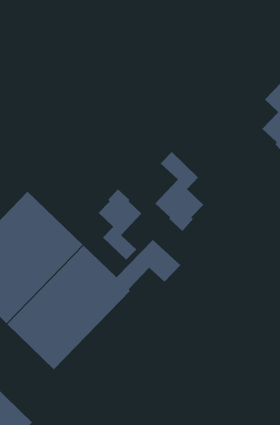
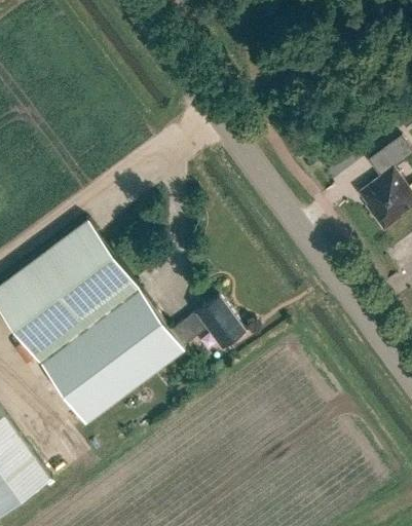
building: [155,151,204,232] -> none
building: [98,188,142,261] -> none

